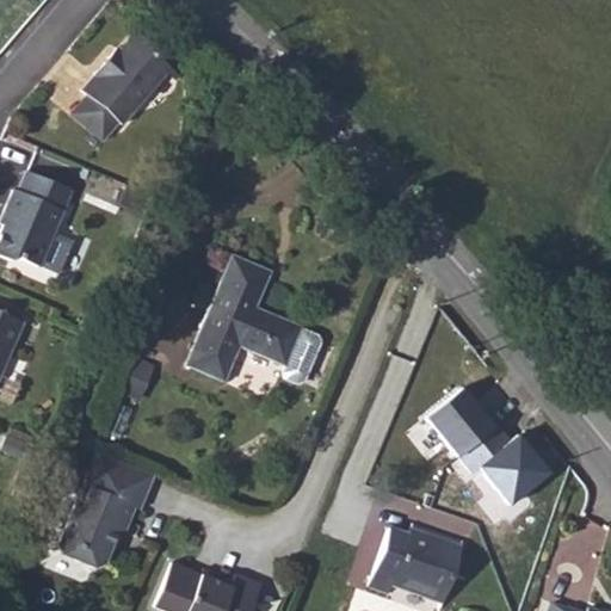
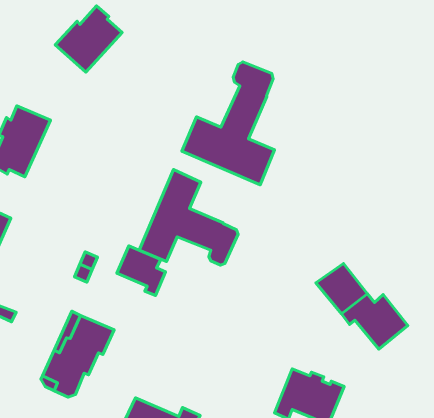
building: [68,98,118,146] -> none
building: none -> [182,62,275,185]
building: none -> [117,246,166,296]

